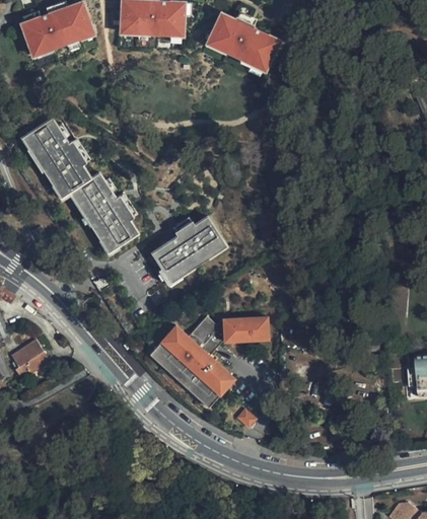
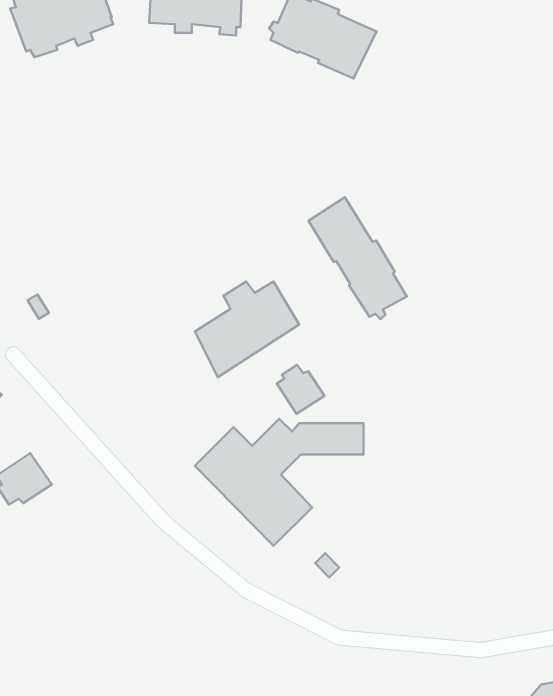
building: [21,119,137,255] -> none
building: none -> [308,197,407,319]
building: none -> [277,365,325,414]

